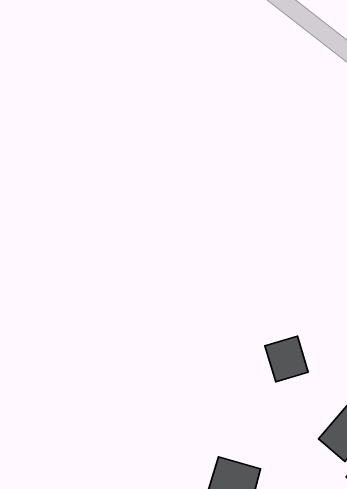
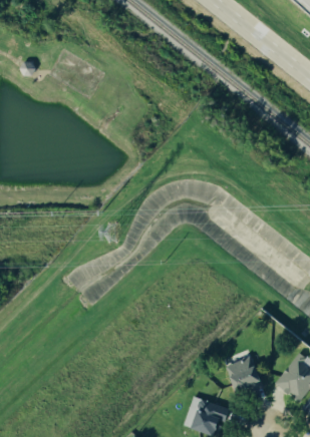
building: [265,336,308,382] -> [225,356,261,394]

